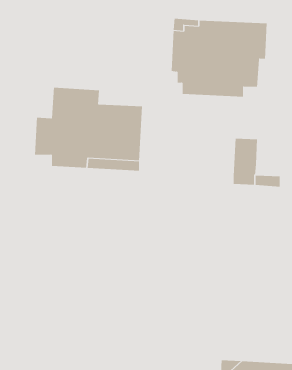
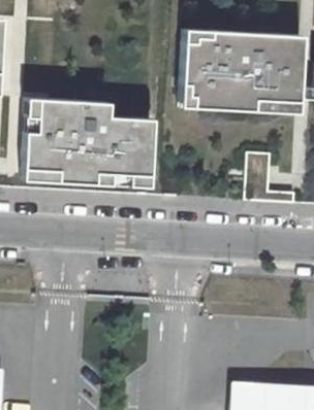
building: none -> [256,34,302,112]
building: none -> [22,99,59,181]

